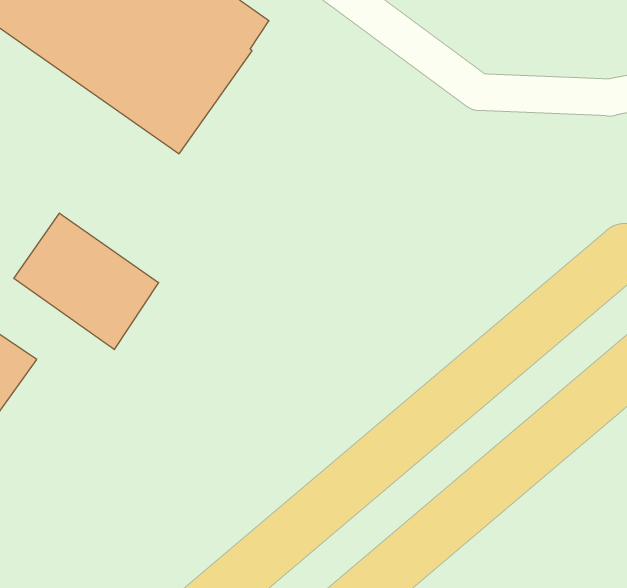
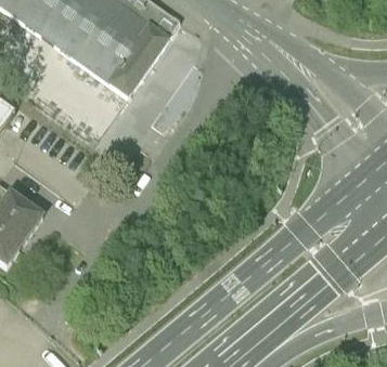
building: [14,213,159,350] -> none

